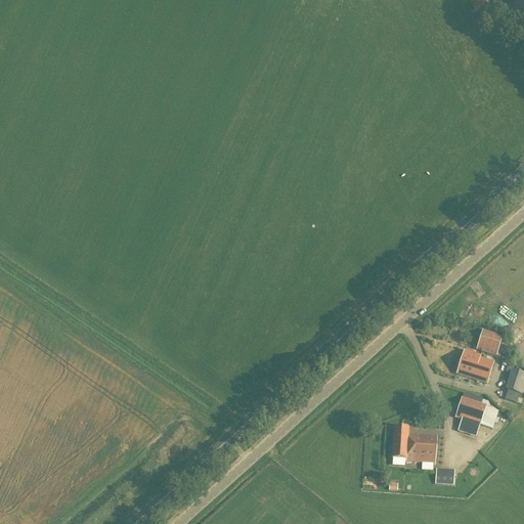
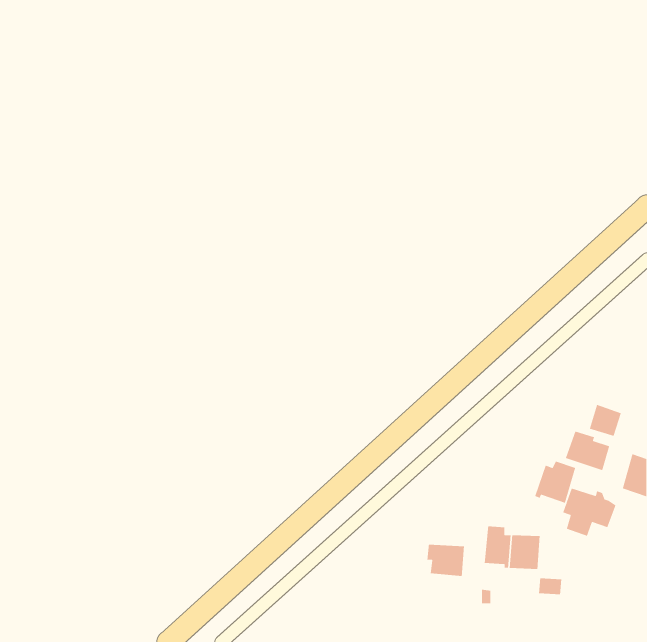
building: none -> [534,460,576,504]
building: none -> [426,544,465,577]

